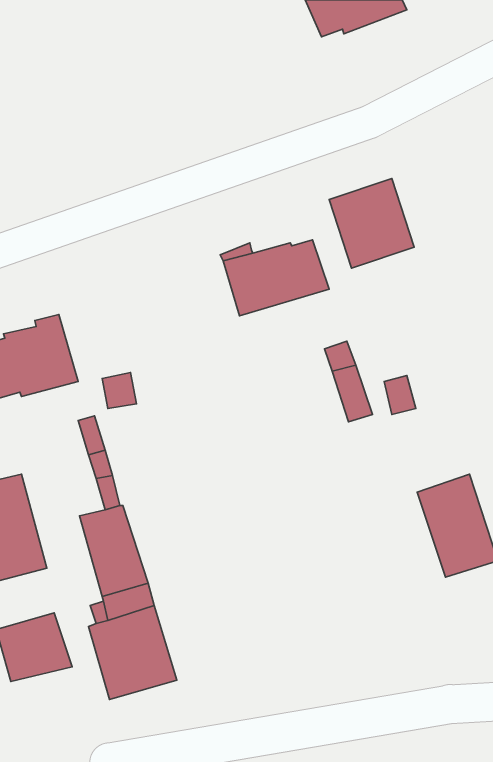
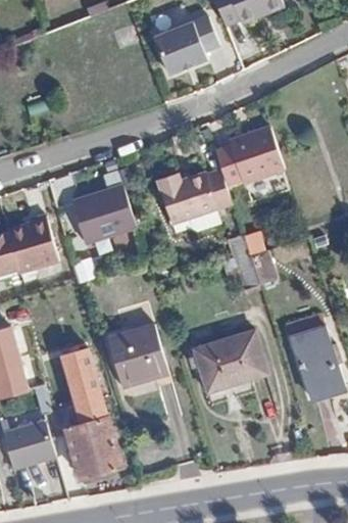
building: none -> [154,15,219,76]
building: none -> [69,185,135,245]
building: none -> [108,325,167,386]
building: none -> [194,331,266,391]

